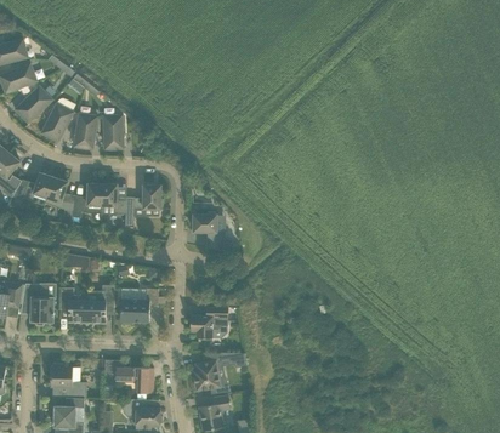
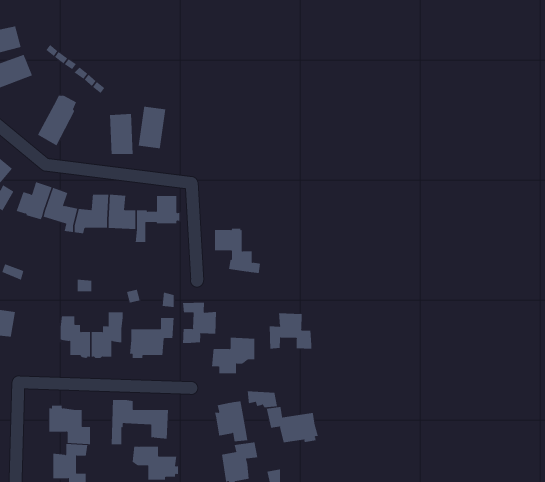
building: [13,85,52,124] -> none
building: [73,113,97,149] -> [138,106,166,149]
building: none -> [183,302,217,344]
building: [21,283,53,325] -> none
building: none -> [269,313,312,350]
building: none -> [266,406,318,443]

